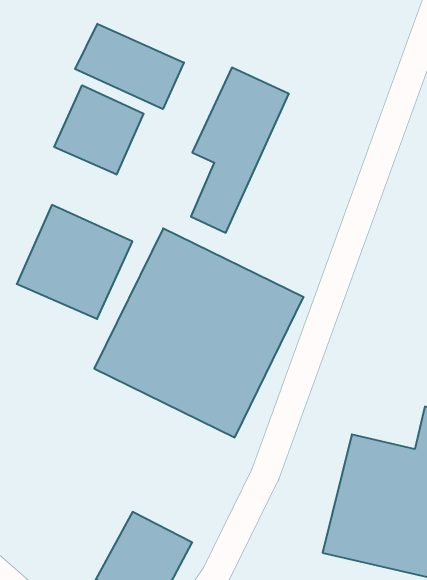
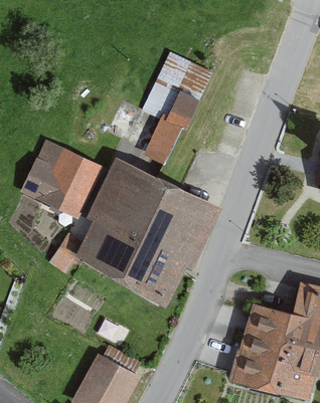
building: [75,24,184,109] -> none
building: [54,85,144,175] -> none

